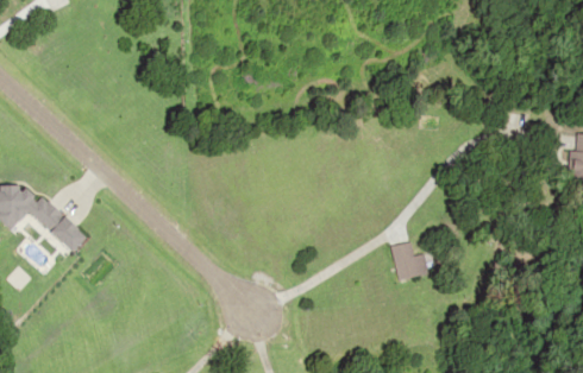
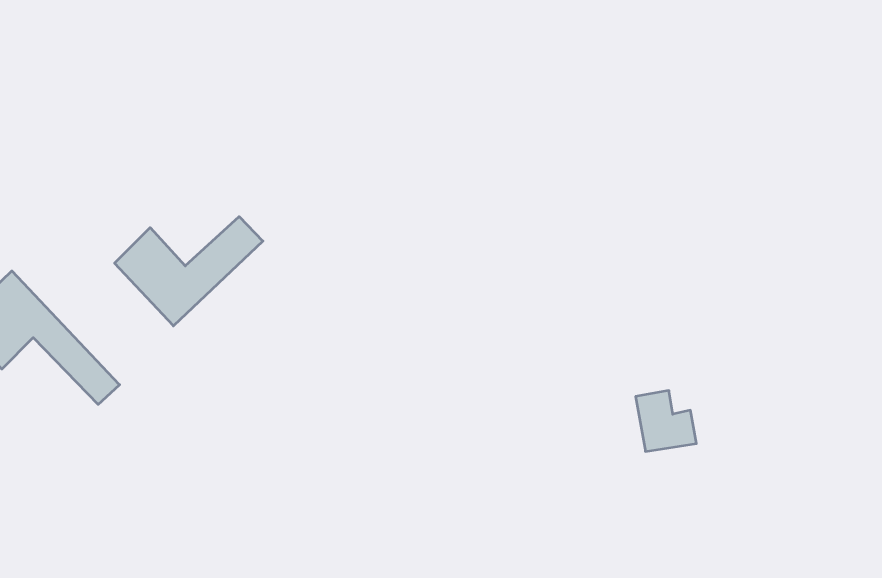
building: none -> [115,217,263,326]

